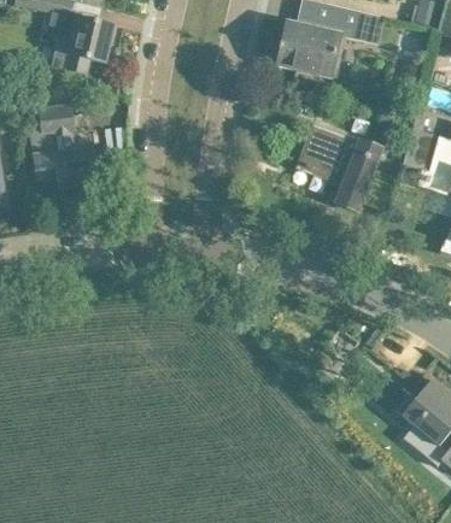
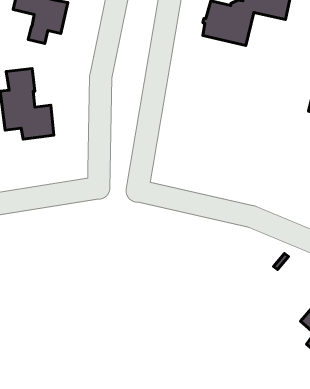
building: [294,122,380,210] -> none

